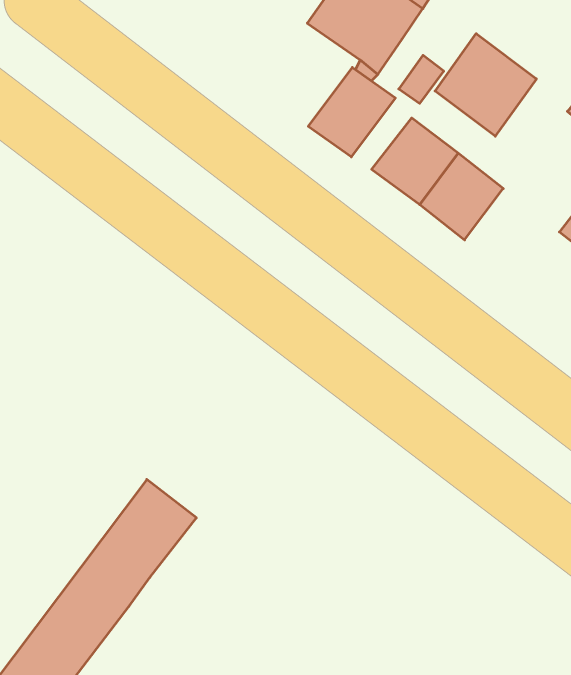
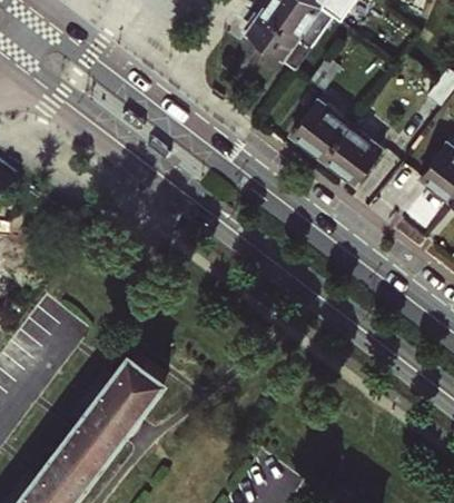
building: [435,34,536,136] -> none
building: [308,67,395,157] -> none

